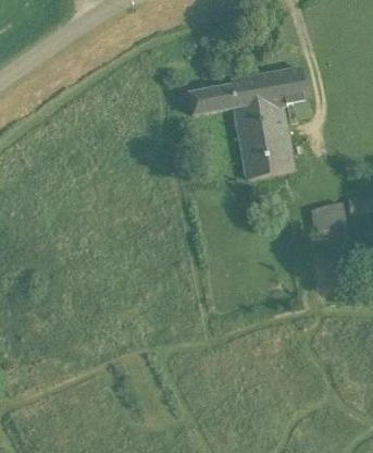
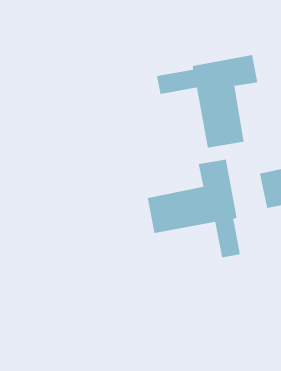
building: none -> [147,159,240,258]

